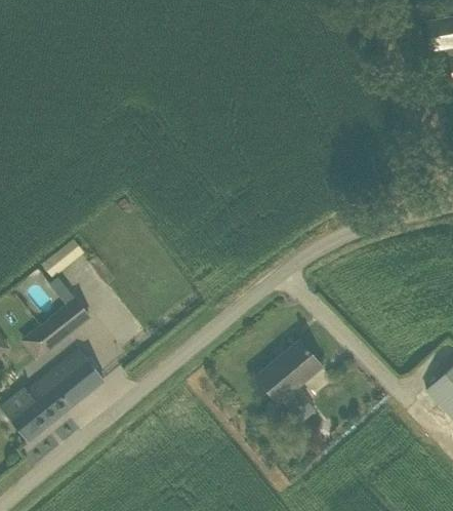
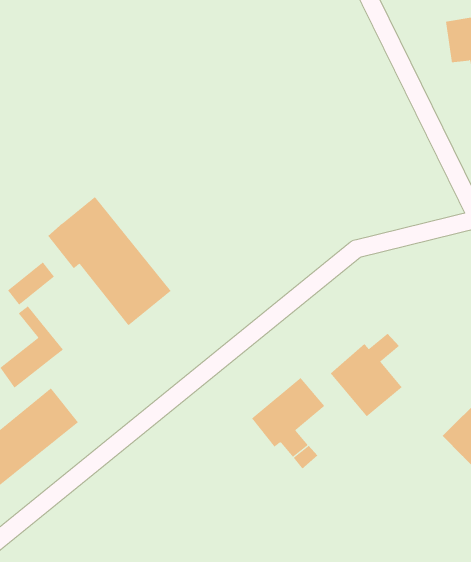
building: none -> [47,196,172,326]
building: none -> [330,333,403,417]

